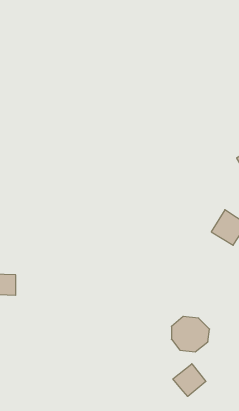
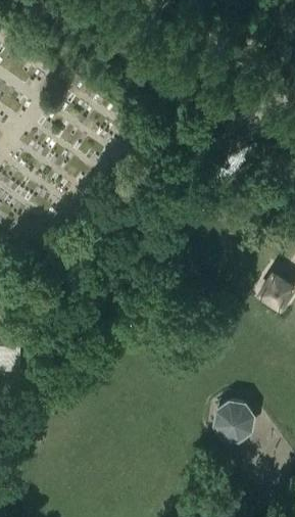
building: [173,364,206,396] -> none

